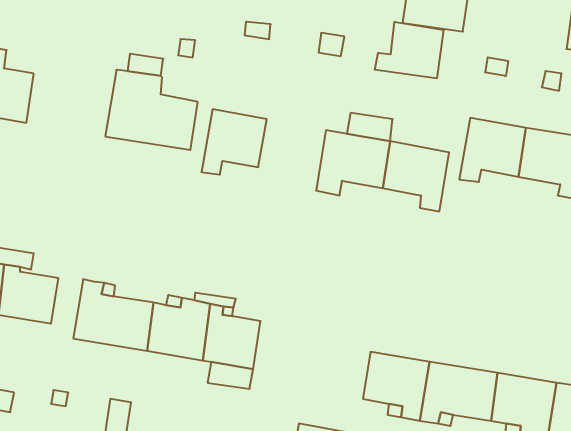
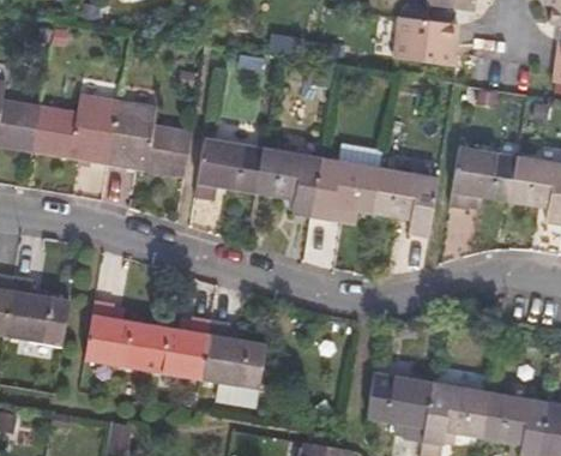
building: [375,22,444,78] -> none
building: none -> [30,94,117,164]
building: none -> [255,148,321,217]

